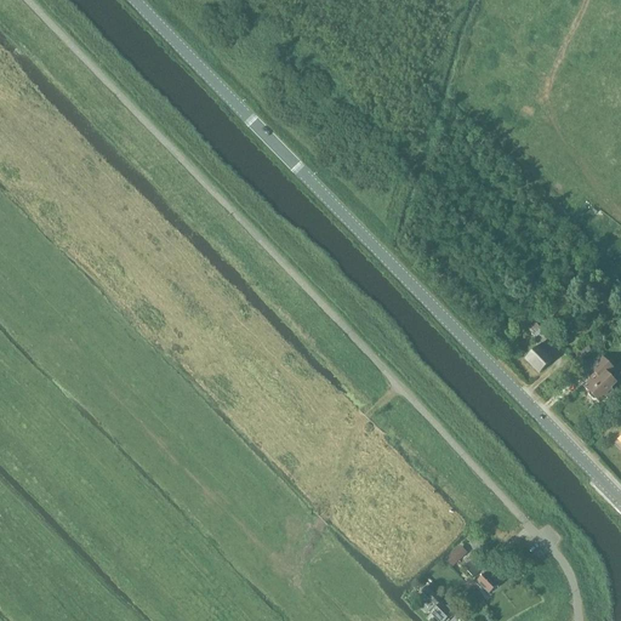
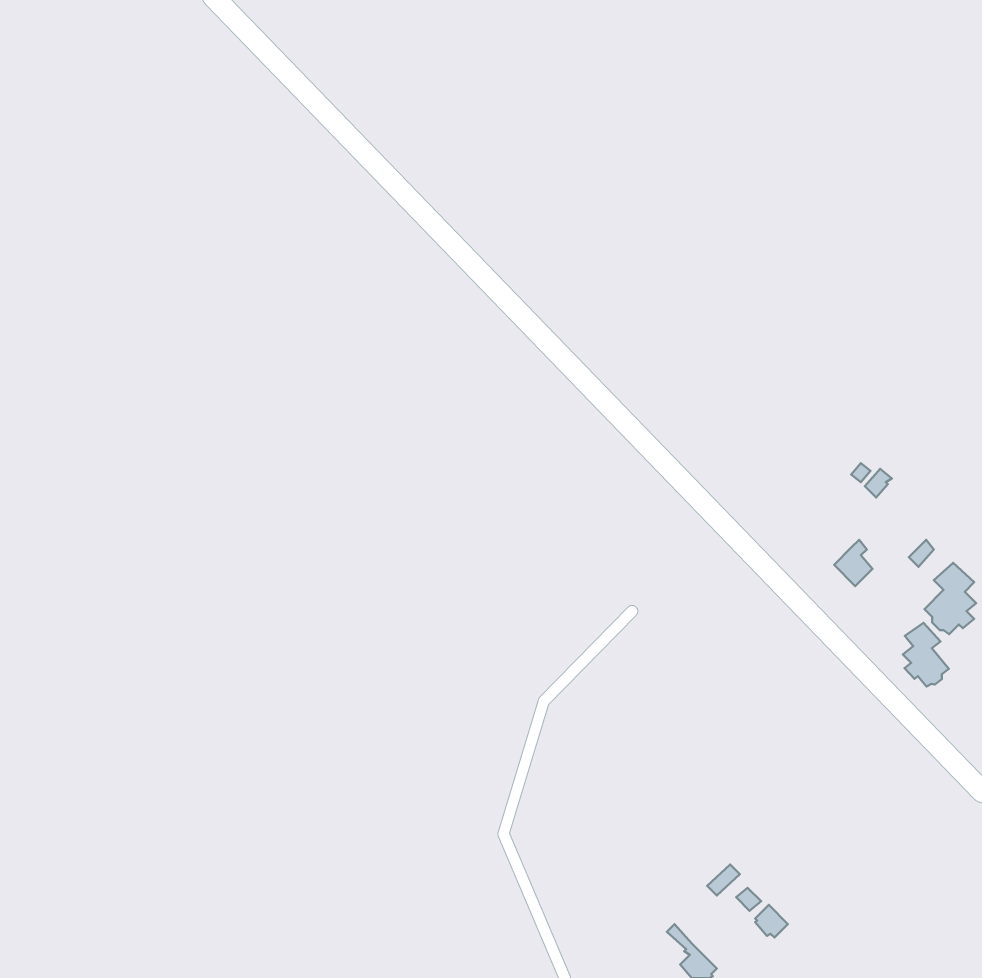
building: none -> [903,623,949,686]

